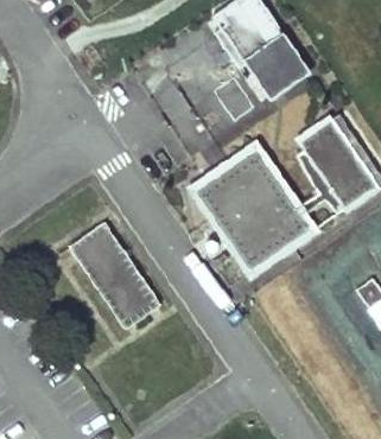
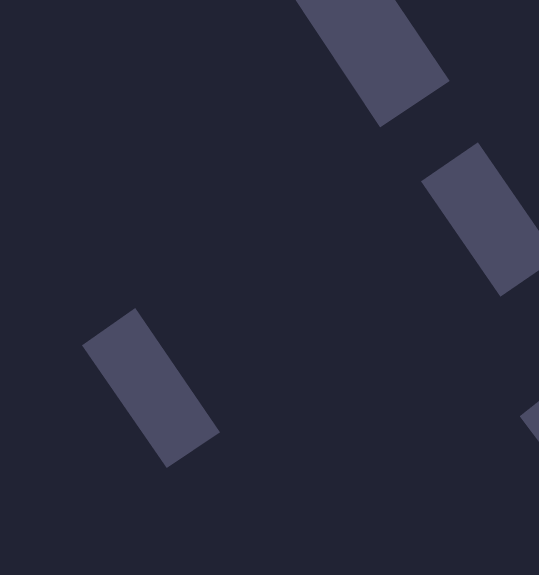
building: [196,147,312,271] -> none

